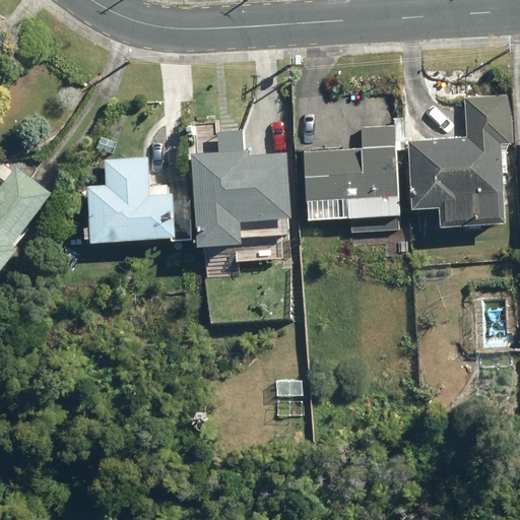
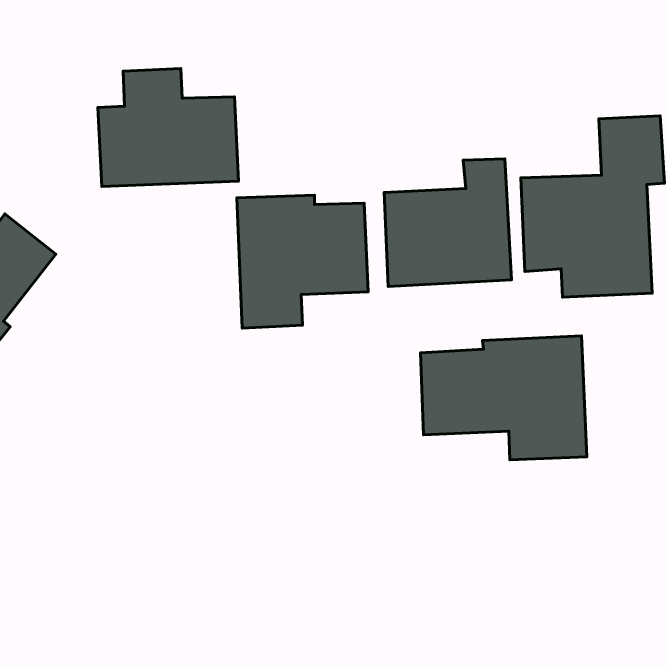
building: [84,156,191,246] -> [98,69,238,187]
building: none -> [420,336,587,460]

